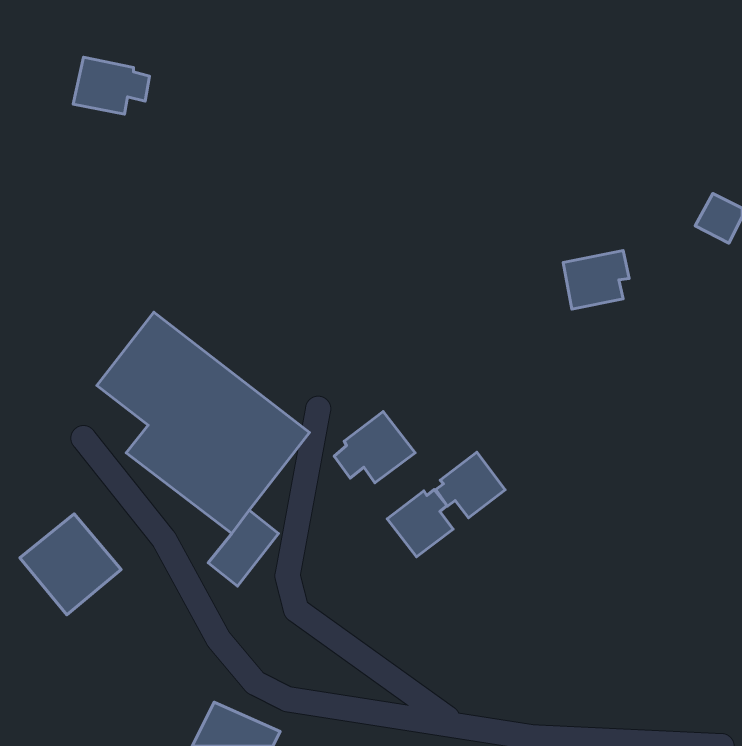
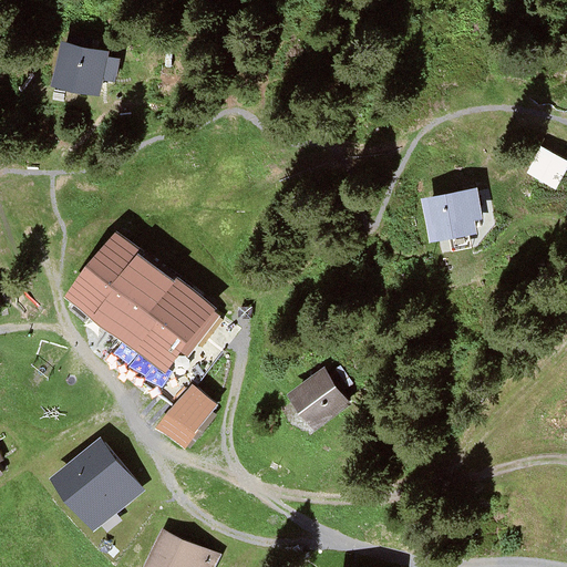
building: [334,412,415,483] -> none
building: [436,452,505,518] -> none
building: [20,514,121,615] -> [58,442,134,518]

